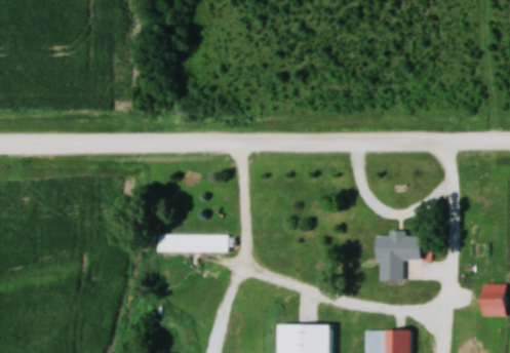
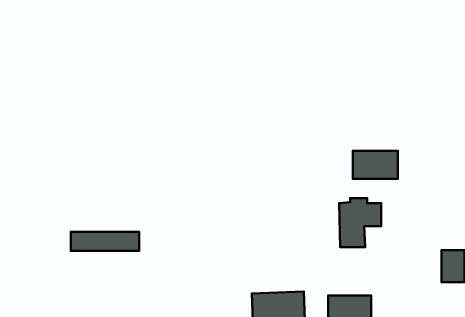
building: none -> [353,151,398,179]
building: [157,233,227,252] -> [71,232,139,251]

